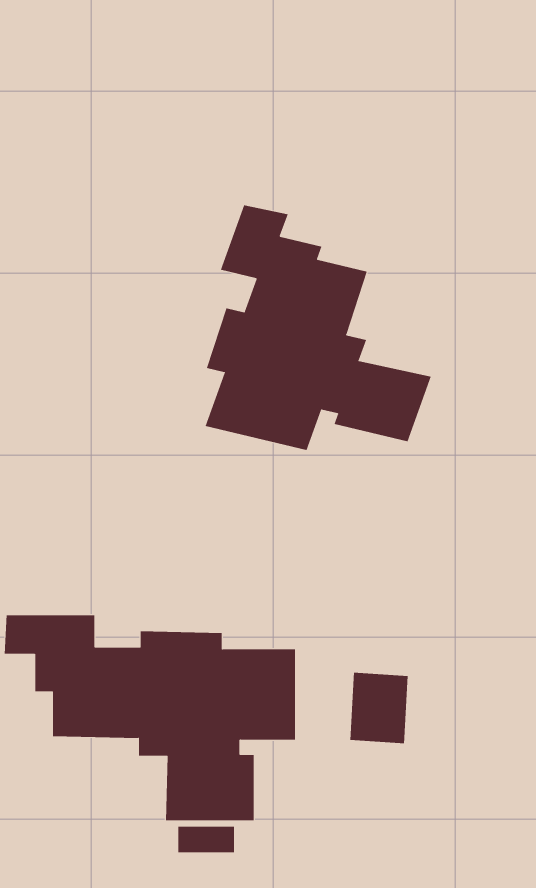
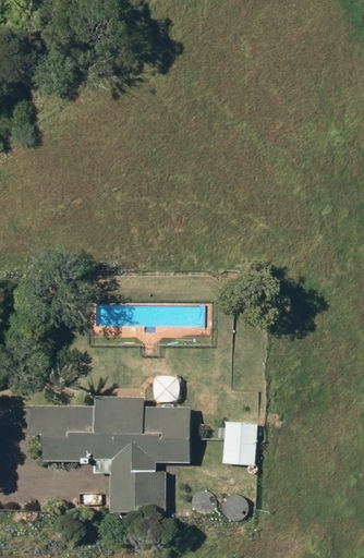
building: [205,205,432,451] -> none

